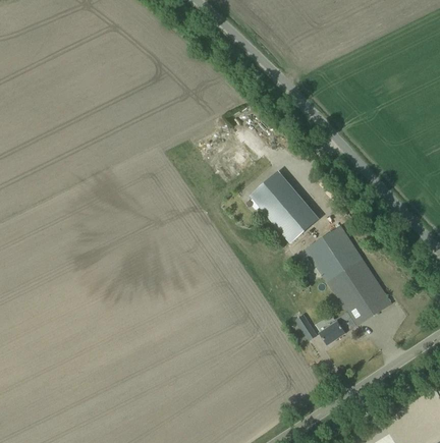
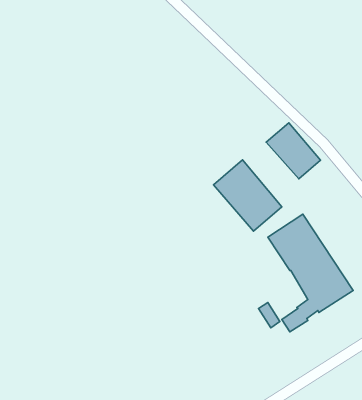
building: none -> [266,123,320,179]

